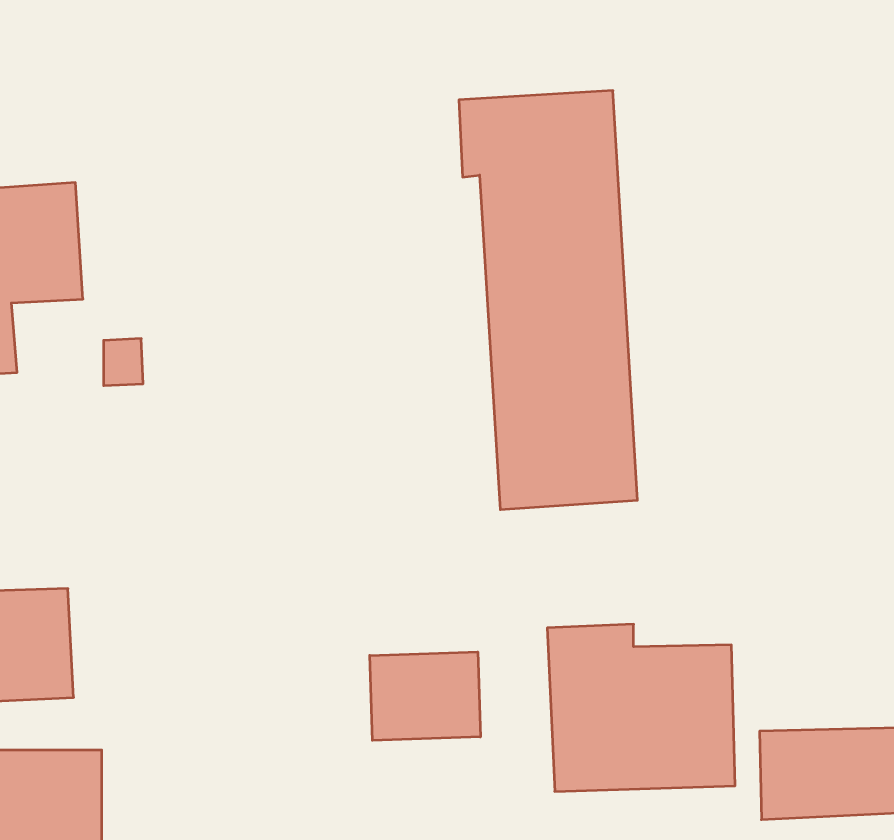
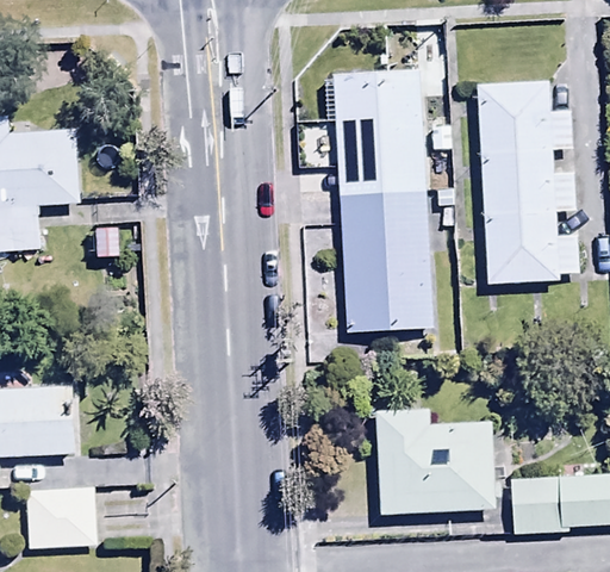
building: none -> [478,80,578,284]
building: [370,652,480,740] -> none

